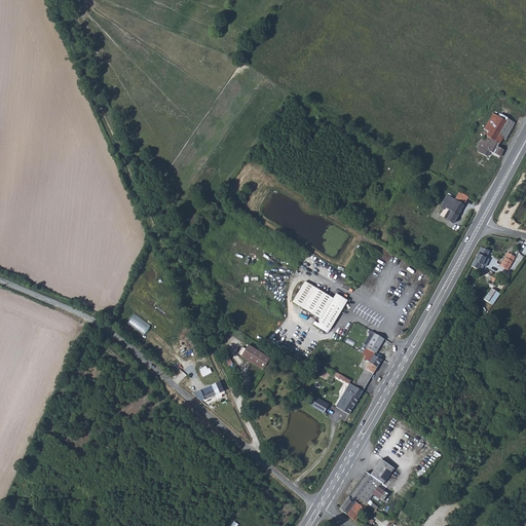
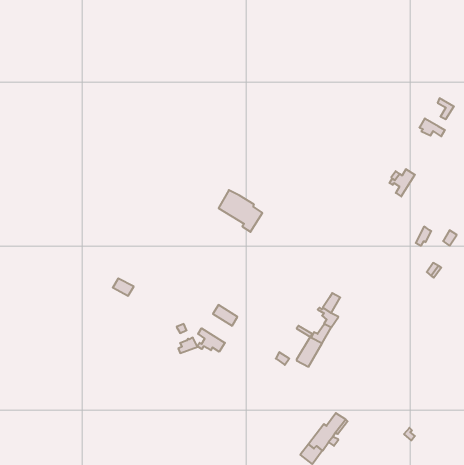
building: [482,113,503,143] -> none
building: [292,279,341,327] -> [219,190,262,232]
building: none -> [197,328,225,352]

